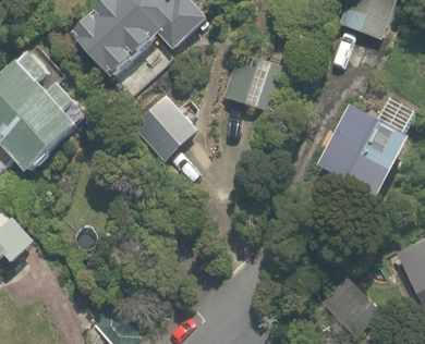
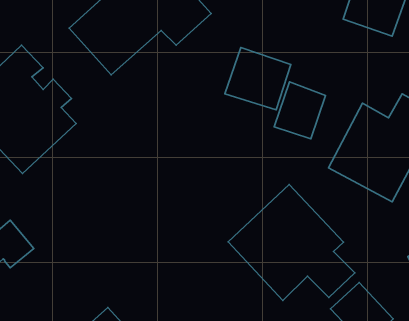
building: none -> [274,82,325,139]
building: [126,90,196,163] -> none
building: none -> [228,185,355,301]

